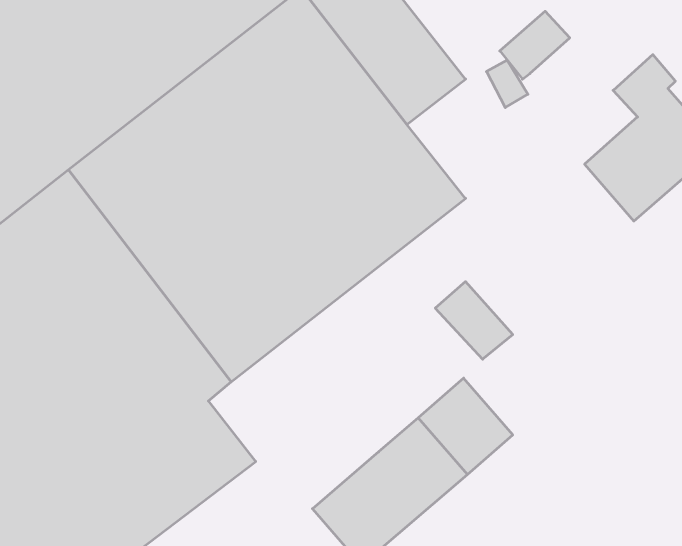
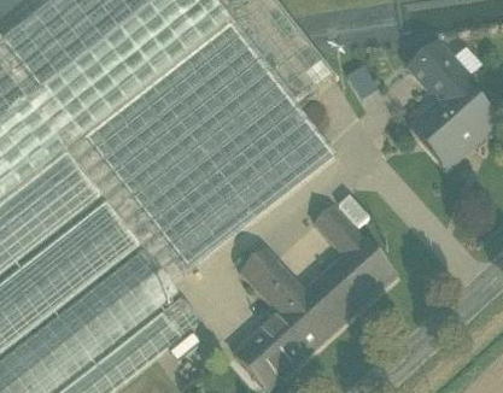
building: [500,11,570,79] -> [409,43,454,87]
building: none -> [333,239,397,303]
building: none -> [239,247,304,313]

